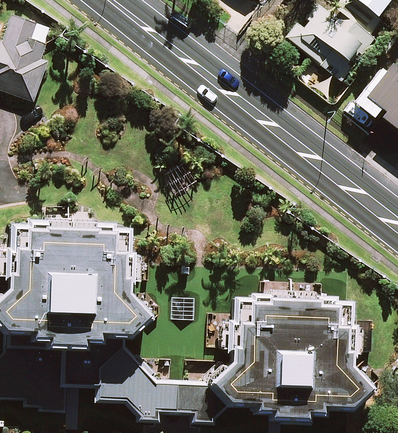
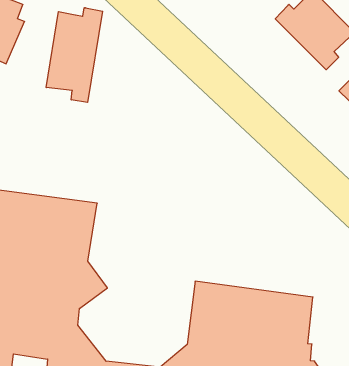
building: none -> [46,8,103,102]

